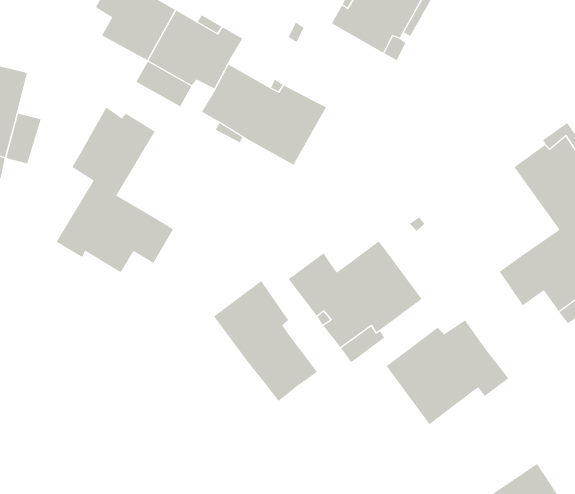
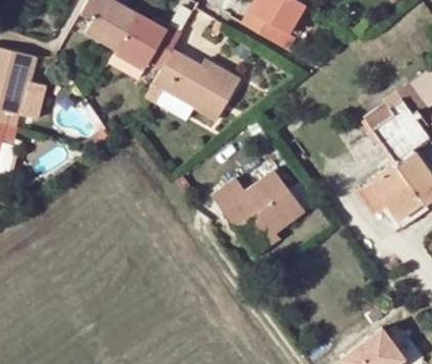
building: [56,107,174,273] -> none
building: [213,280,318,402] -> none
building: [386,319,509,425] -> none

